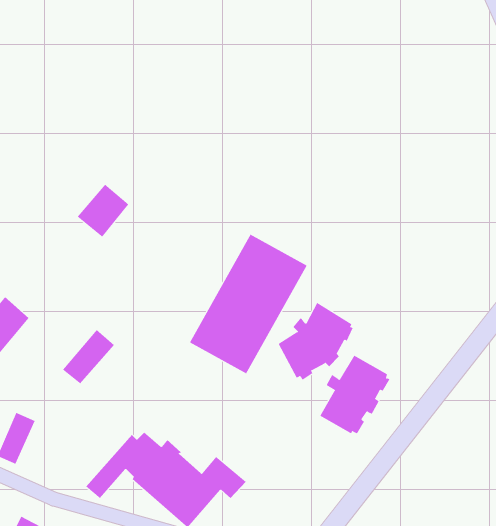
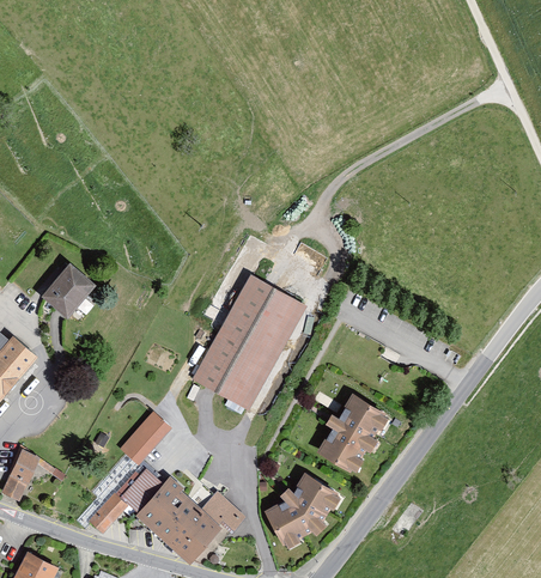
building: [77,184,129,237] -> [38,264,90,317]
building: [278,302,353,380] -> [265,471,339,548]
building: [62,329,115,384] -> [120,412,171,466]

